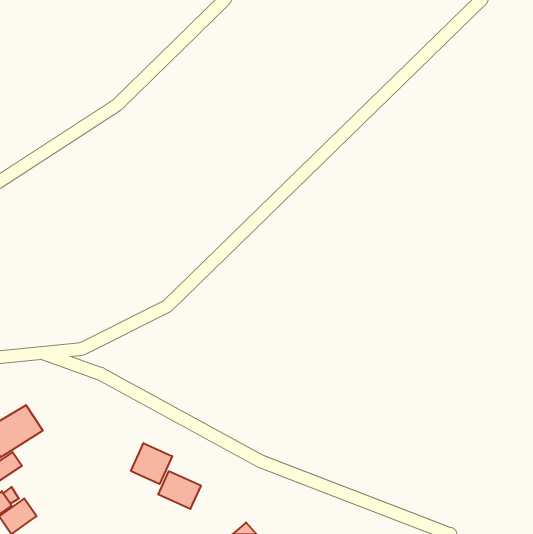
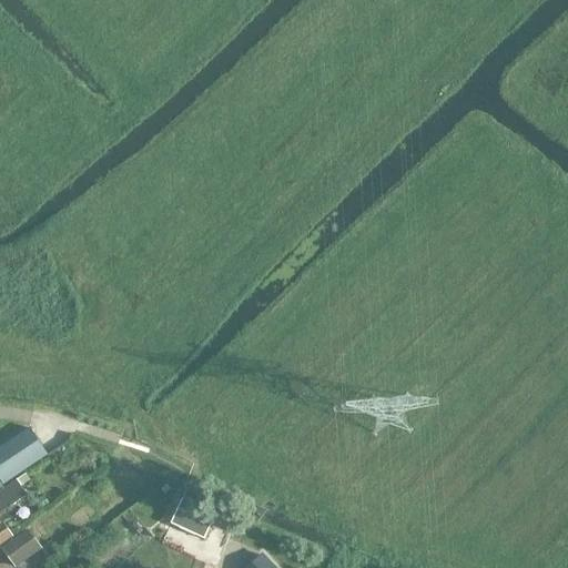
building: [131,443,172,484] -> none

